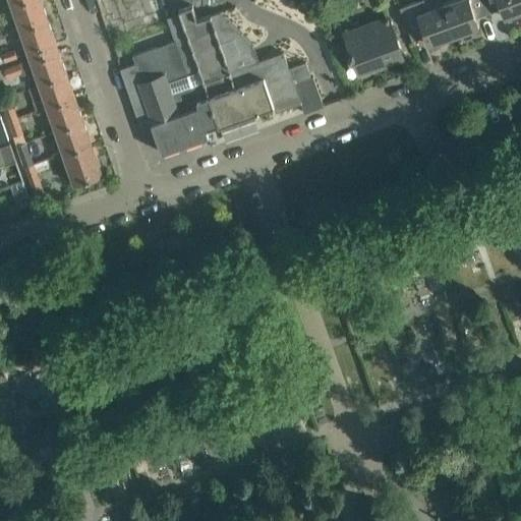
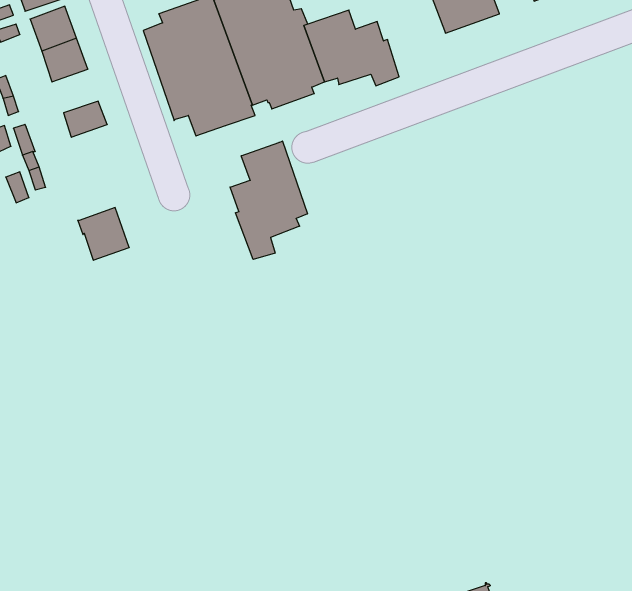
building: [47,102,83,136] -> none
building: [61,146,102,187] -> [78,208,129,260]
building: none -> [230,141,307,259]

